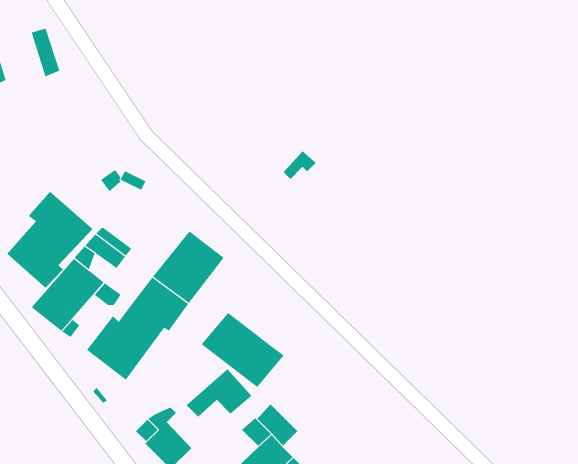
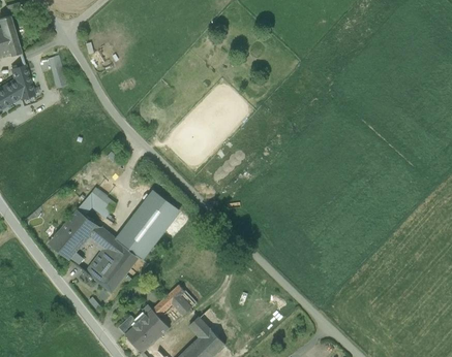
building: [6,191,93,289] -> none
building: [201,312,284,388] -> none
building: none -> [140,305,169,338]

